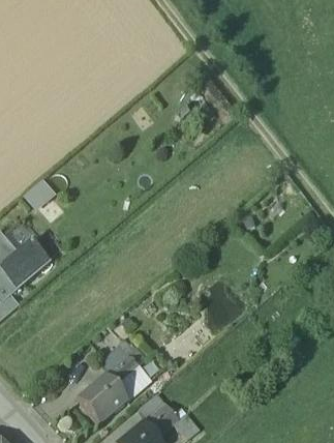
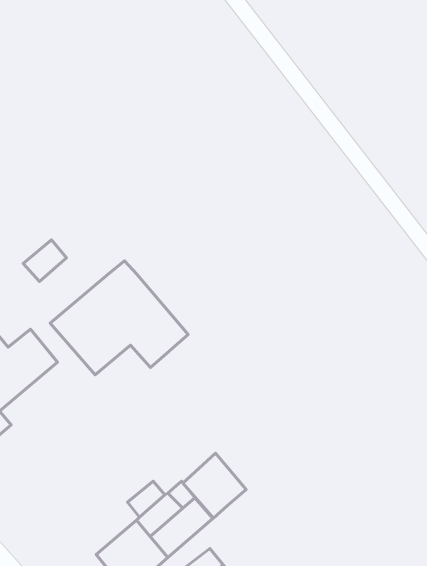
building: none -> [50,261,188,375]
building: none -> [183,453,246,518]

